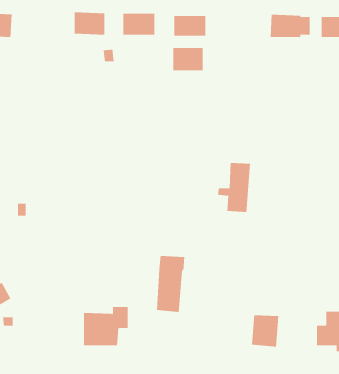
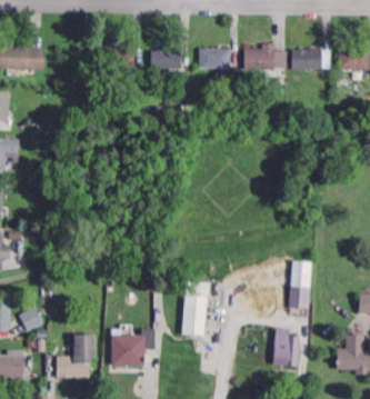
building: [172,48,204,71] -> [246,49,276,71]
building: [217,162,251,212] -> [280,260,312,308]
building: none -> [56,332,94,377]

